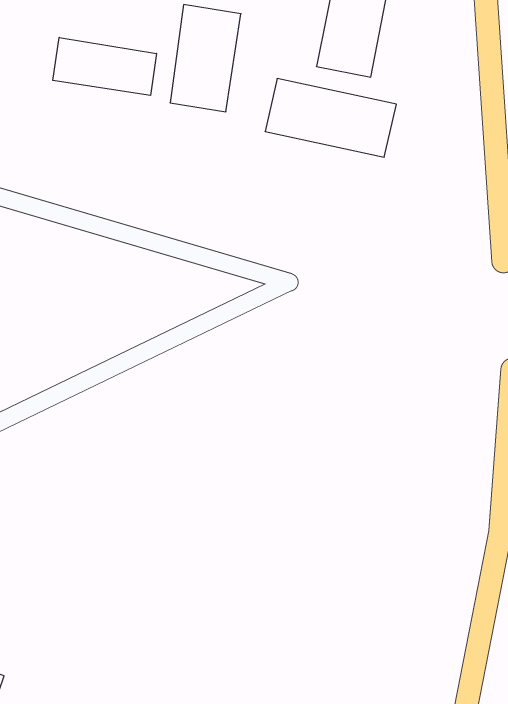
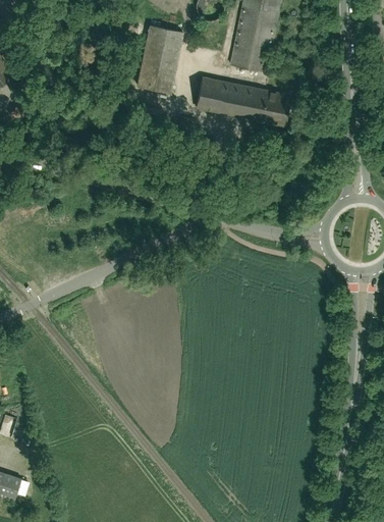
building: [53,37,156,95] -> none

